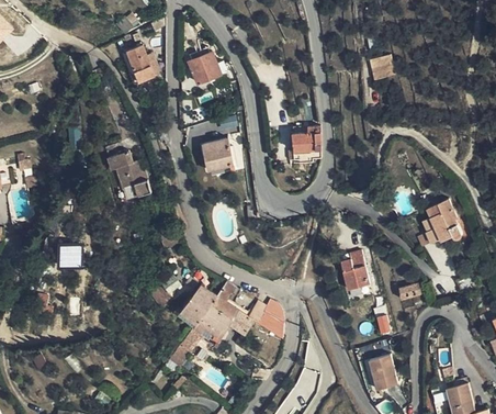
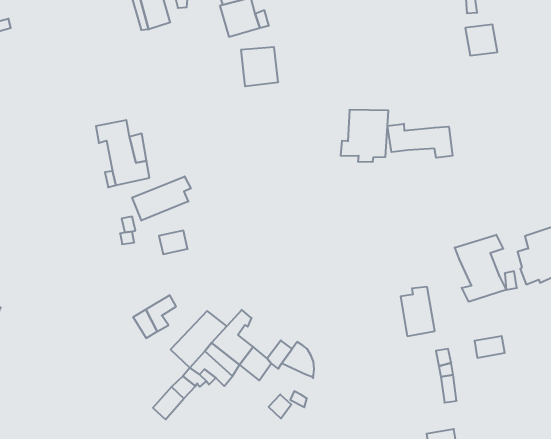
building: none -> [387,124,453,158]
building: [202,139,232,170] -> [241,47,278,86]
building: none -> [132,176,191,221]
building: none -> [455,235,506,302]
building: [57,247,79,268] -> none

